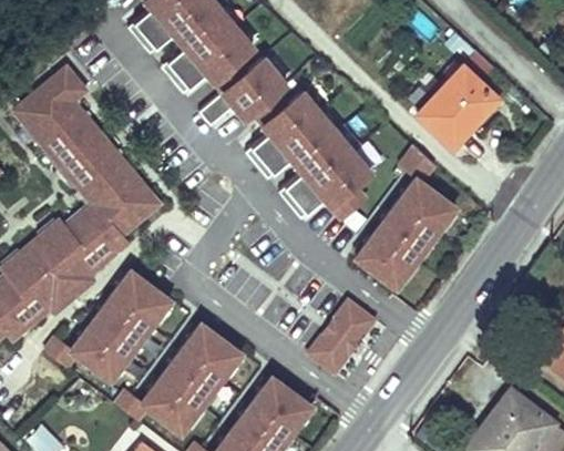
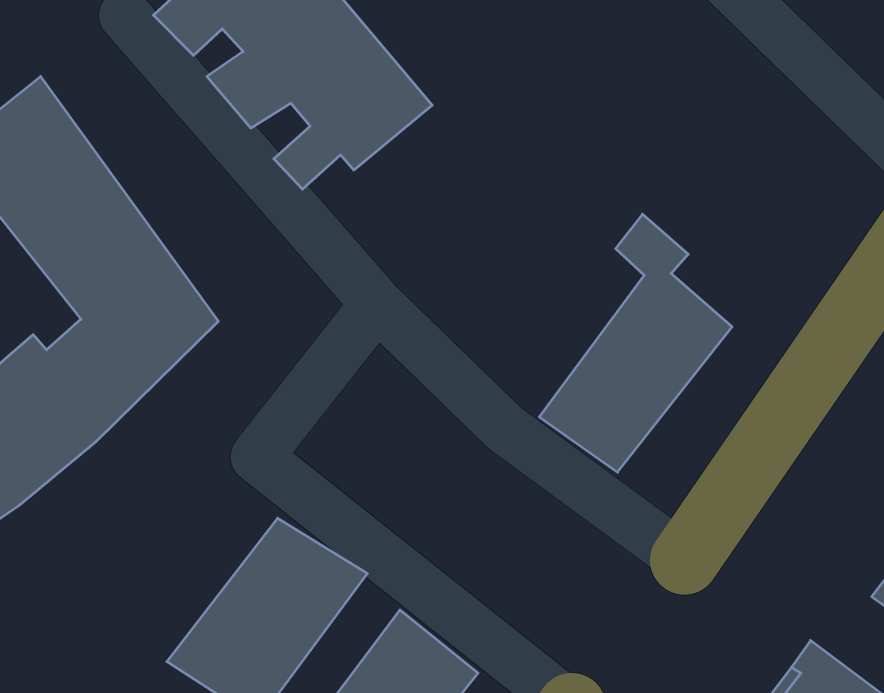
building: [417,66,496,146] -> none
building: [244,86,377,223] -> none
building: [64,269,175,385] -> none
building: [301,295,379,378] -> none

